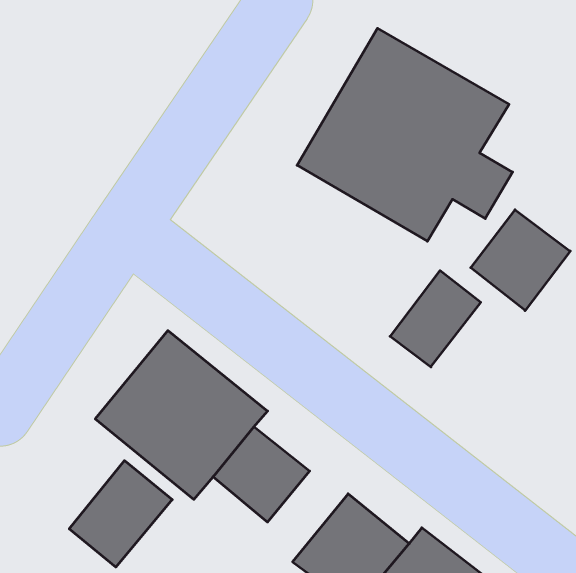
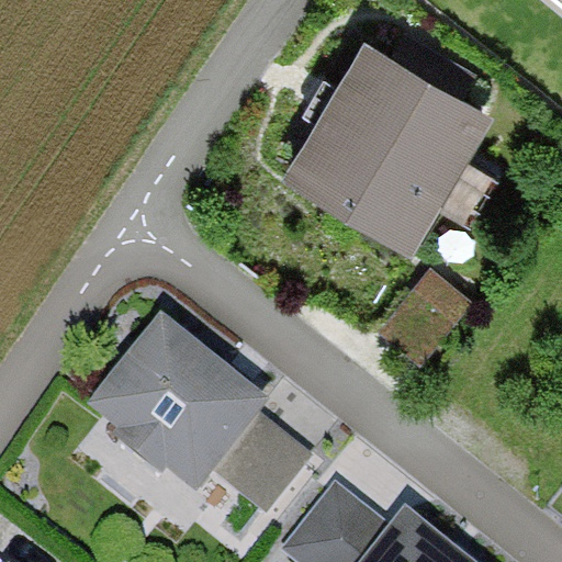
building: [471,210,570,311] -> none
building: [69,461,172,567] -> none

